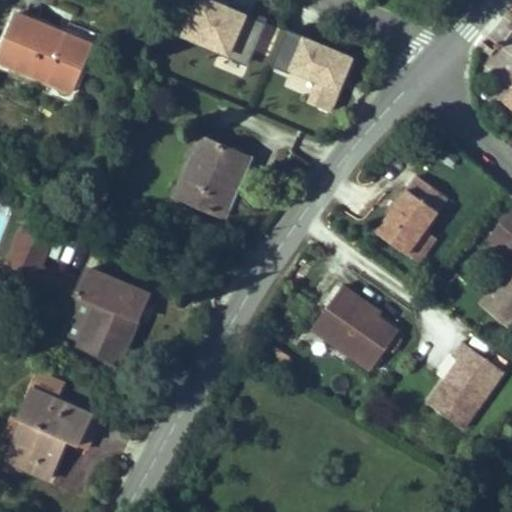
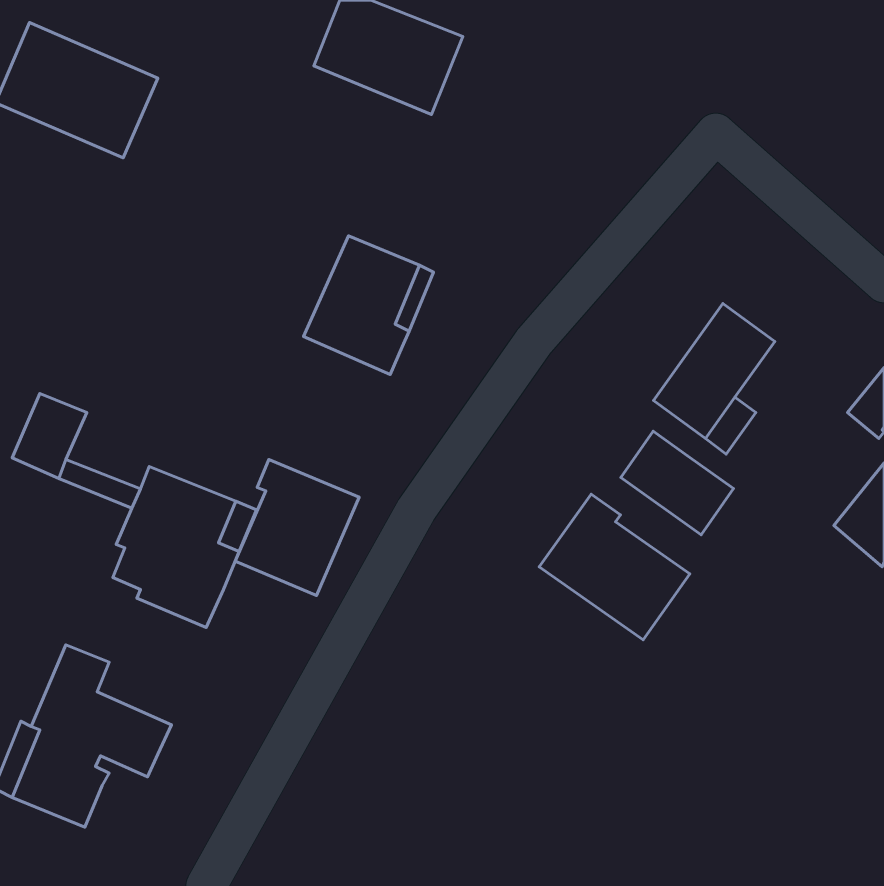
building: [269,29,355,111] -> none
building: none -> [621,431,733,535]
building: none -> [235,459,359,595]
building: [427,341,505,428] -> none

